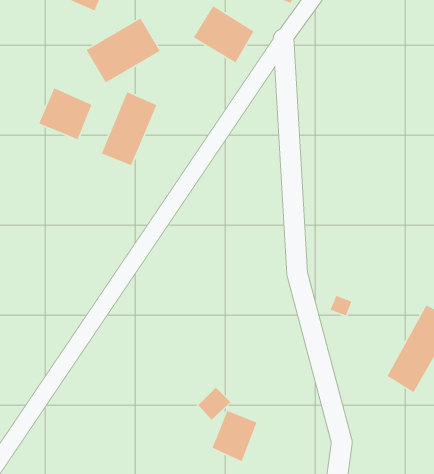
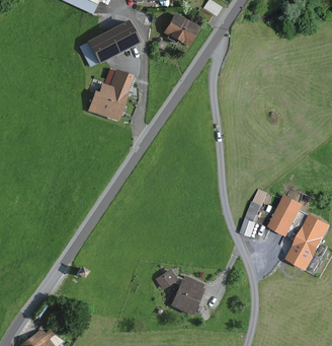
building: [38,87,93,140] -> none
building: none -> [267,195,304,236]

